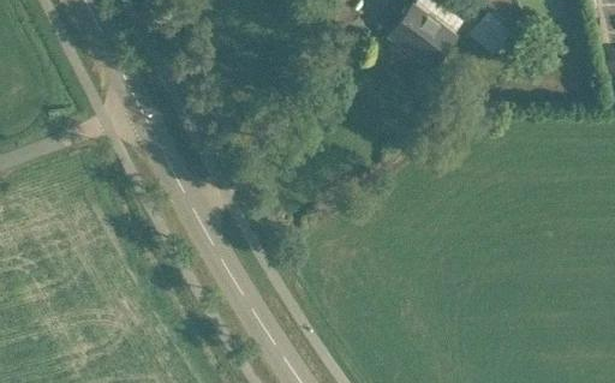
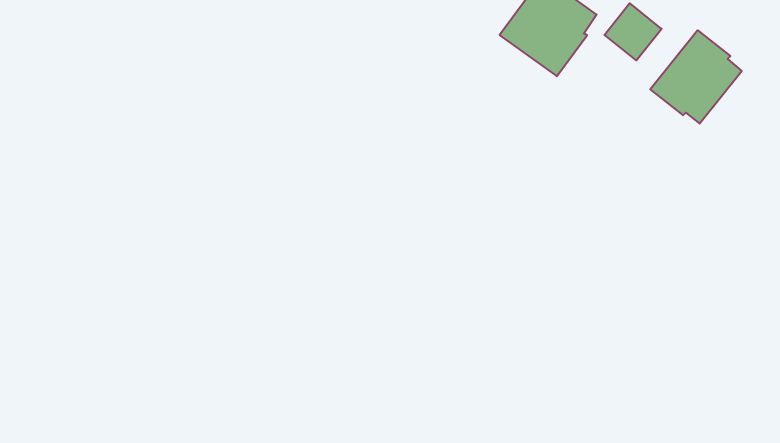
building: none -> [650,30,742,124]

